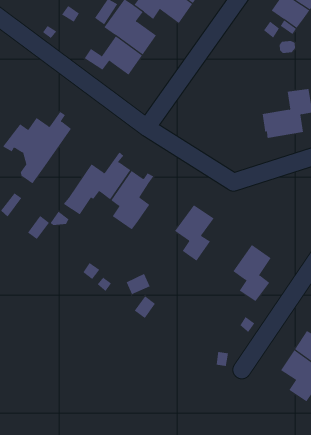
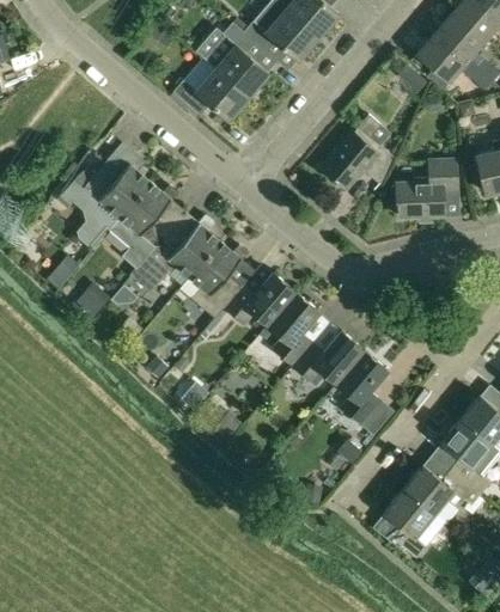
building: none -> [322,115,392,189]
building: none -> [109,182,179,269]
building: none -> [224,275,295,325]
building: none -> [293,332,365,386]

